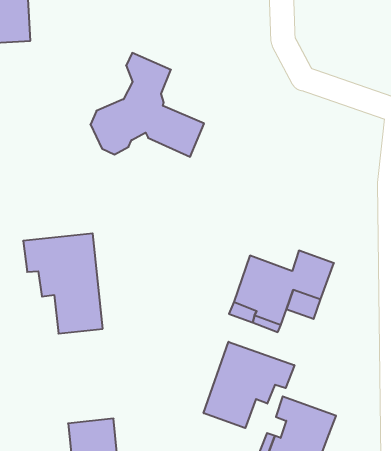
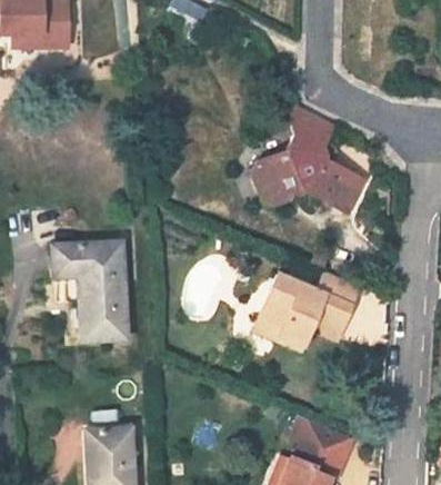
building: [90,53,204,157] -> [253,106,367,212]
building: [204,342,294,428] -> none

